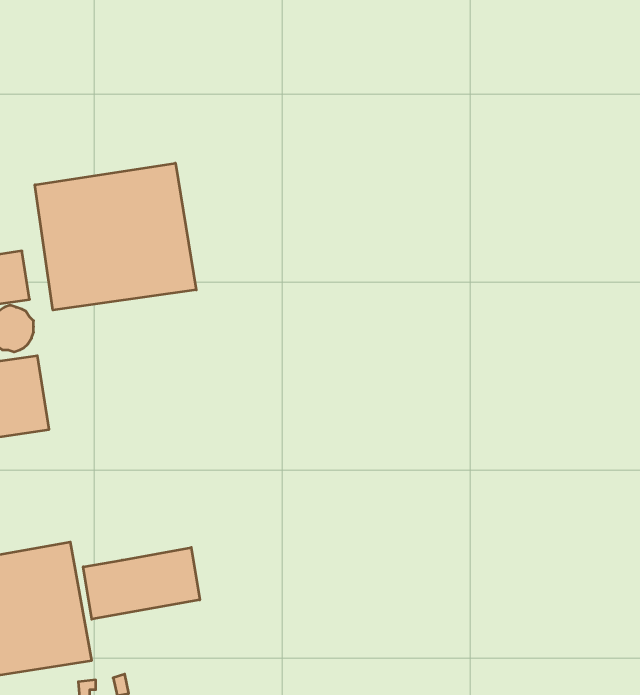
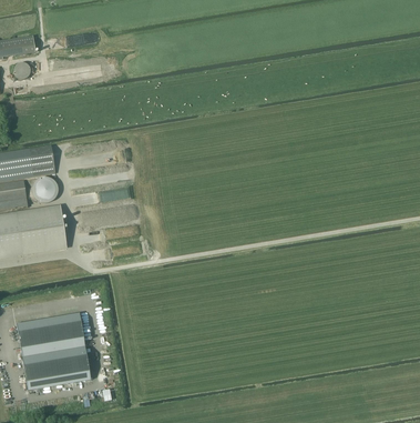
building: [35,163,196,310] -> none
building: [83,547,200,619] -> none

